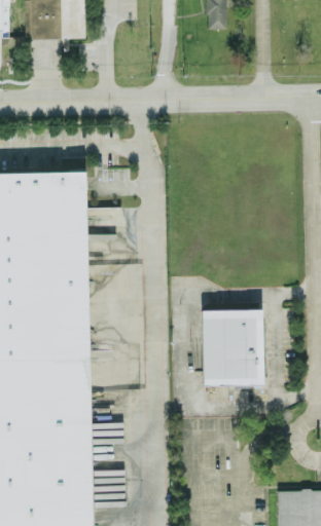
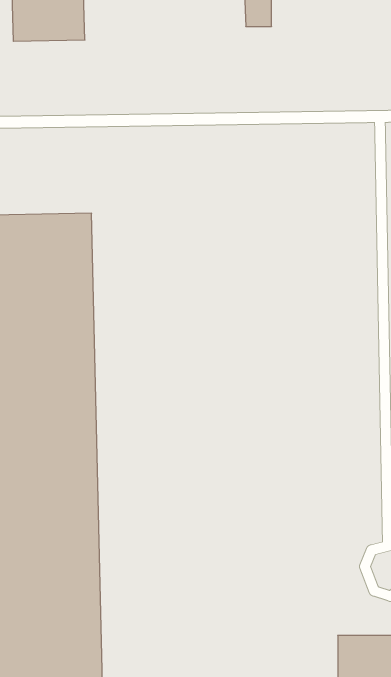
building: [201,310,262,387] -> none

